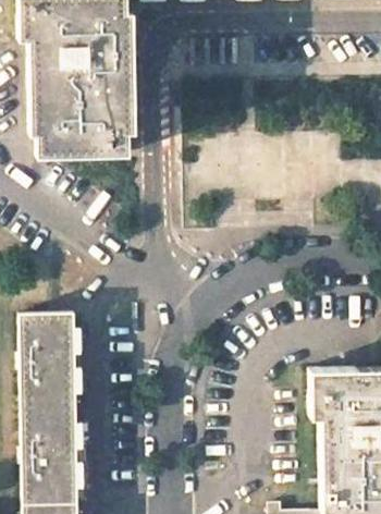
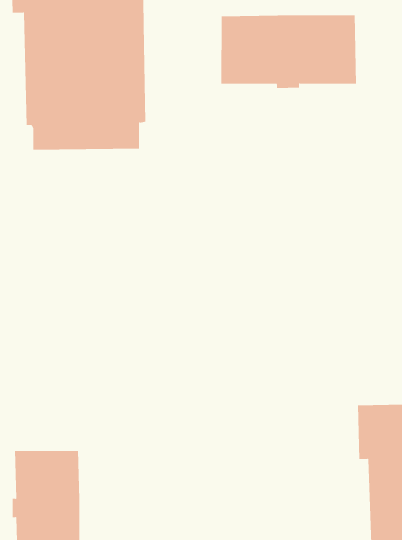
building: none -> [221,14,357,89]
building: [17,313,76,407] -> none

